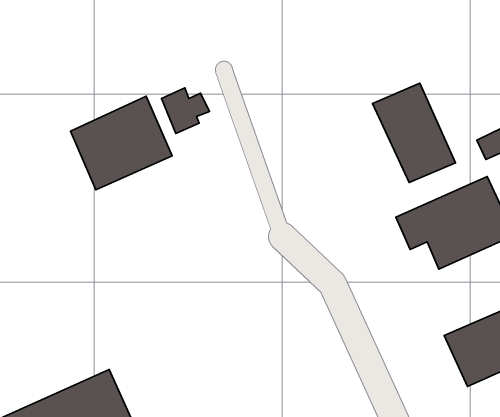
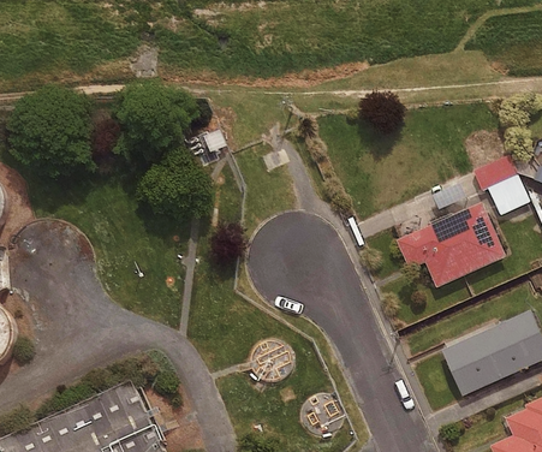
building: [372,83,456,183] -> none
building: [71,96,172,190] -> none

